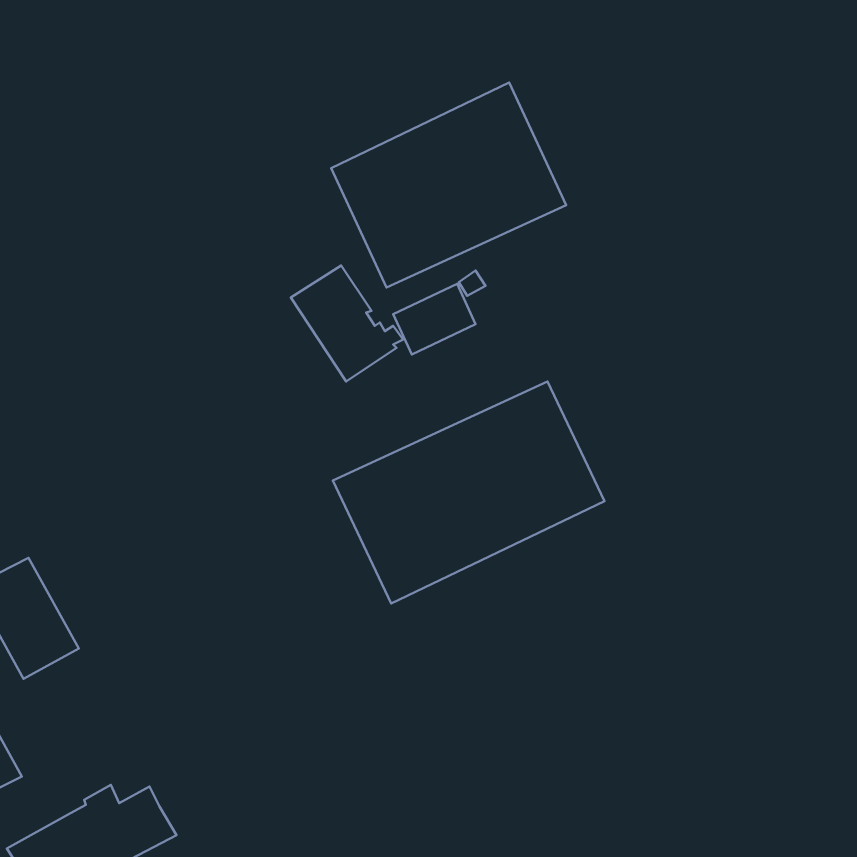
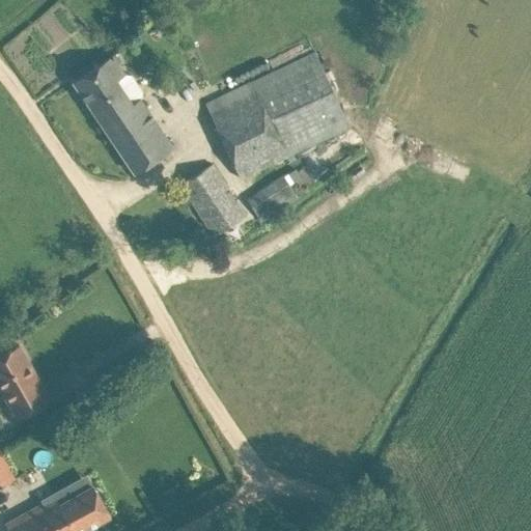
building: none -> [72,56,171,173]
building: [333,381,604,604] -> none

